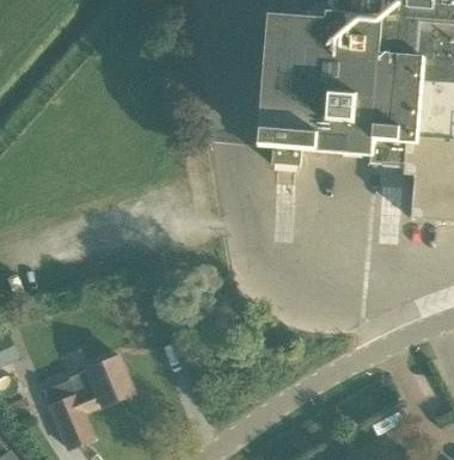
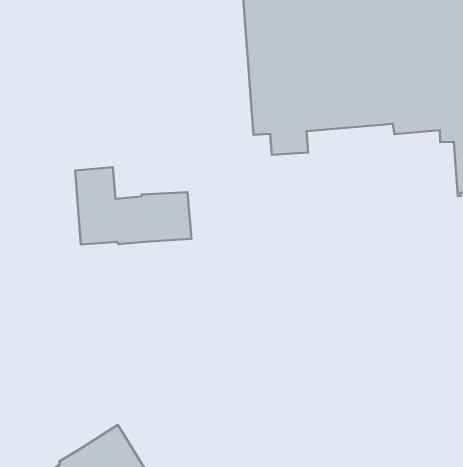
building: none -> [75,167,192,245]

